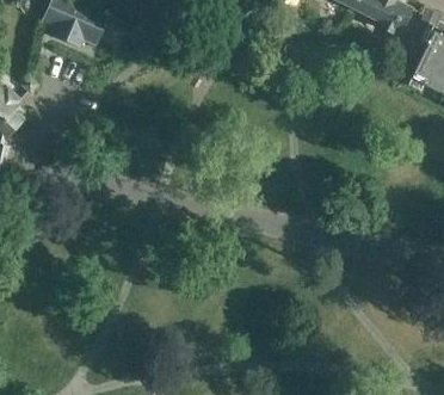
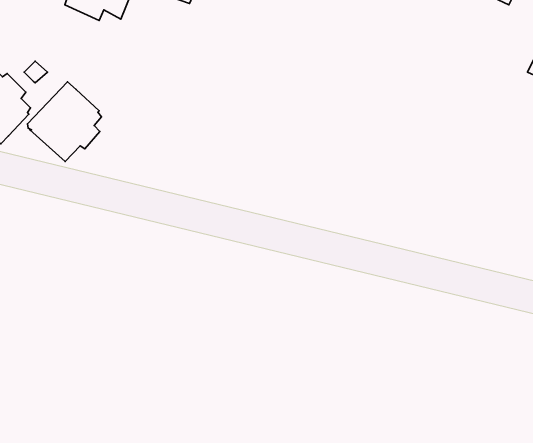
building: none -> [27,82,102,162]

